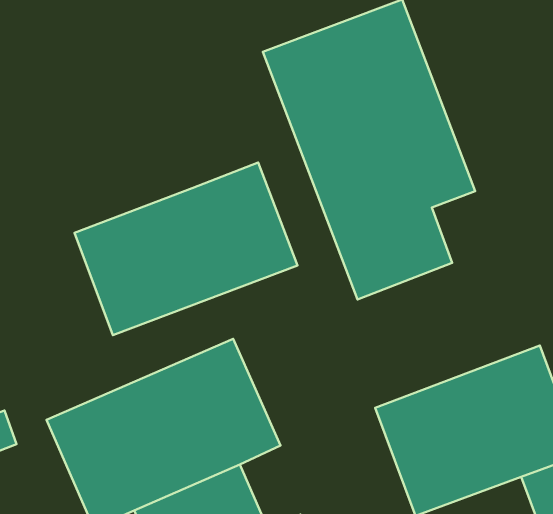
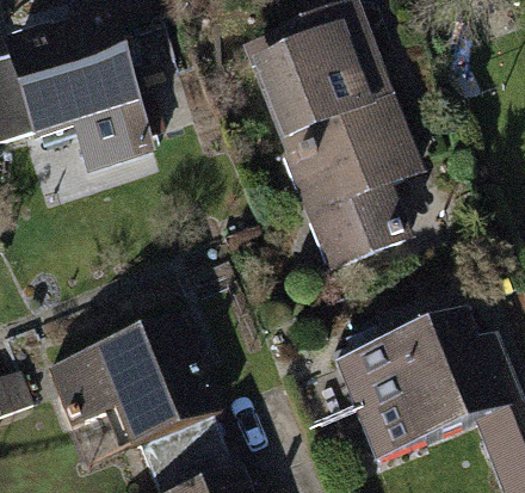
building: none -> [13,20,152,170]
building: [74,162,298,335] -> none

